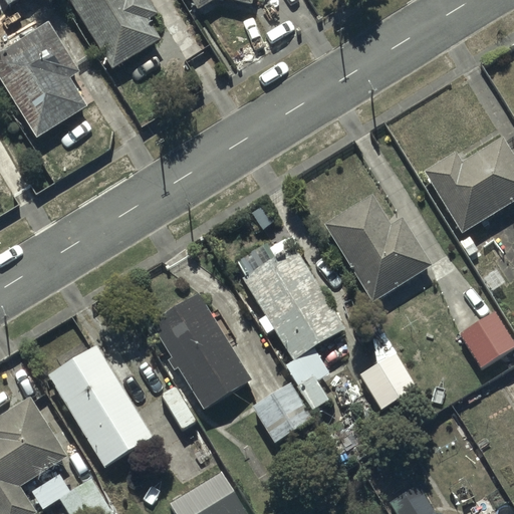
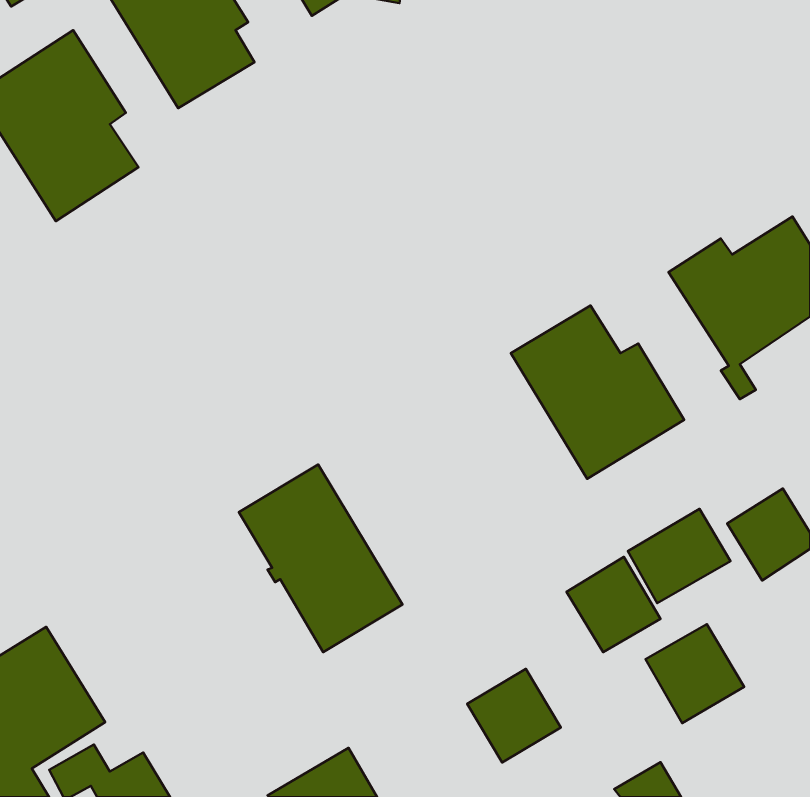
building: [235,231,345,408] -> none
building: none -> [628,509,730,603]
building: [47,344,155,469] -> none
building: [252,383,311,443] -> [467,669,561,763]
building: none -> [646,624,744,723]

